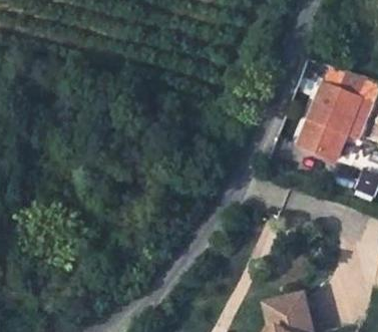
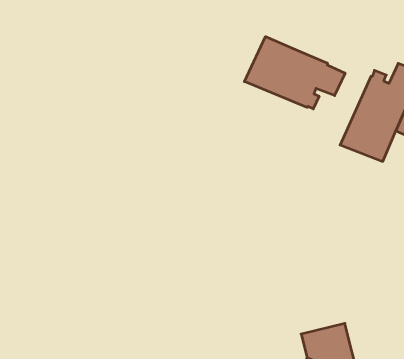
building: none -> [244,37,345,109]

